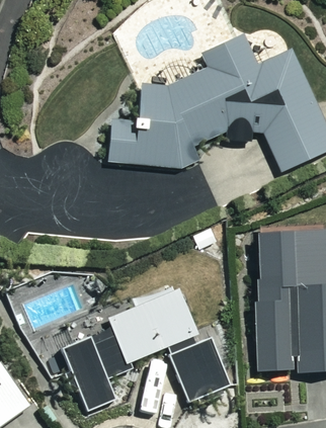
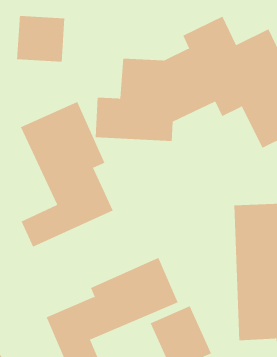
building: none -> [16,15,65,63]
building: none -> [20,101,114,247]

